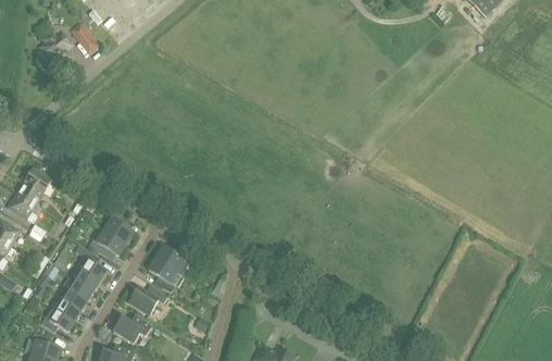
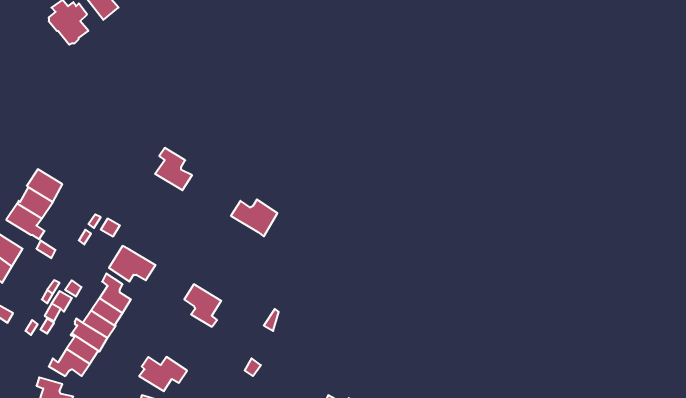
building: [103,209,133,242] -> [155,148,192,190]
building: [155,245,192,274] -> [231,199,277,236]
building: [127,286,167,314] -> none

